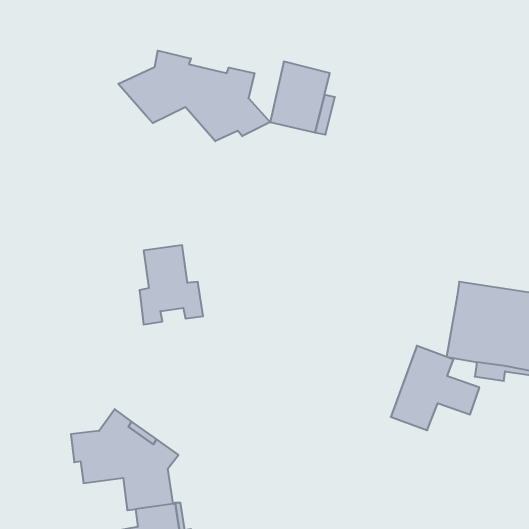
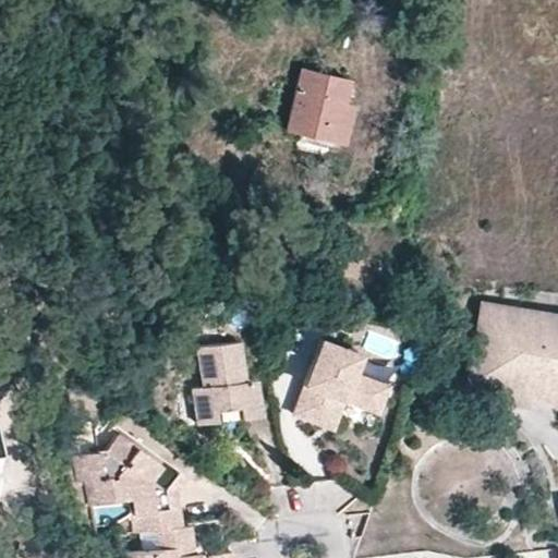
building: [118,51,270,141] -> none
building: [139,245,203,325] -> [197,345,264,428]
building: [391,346,479,430] -> [292,339,385,427]

